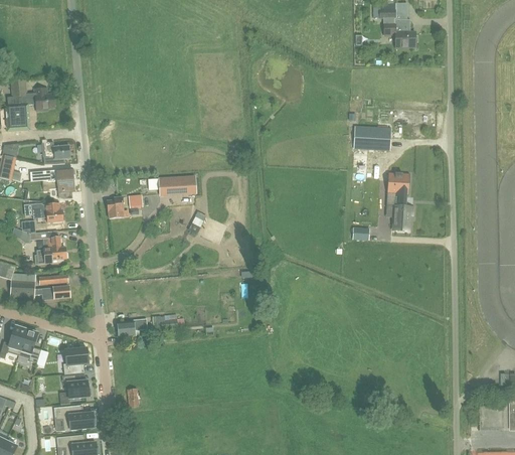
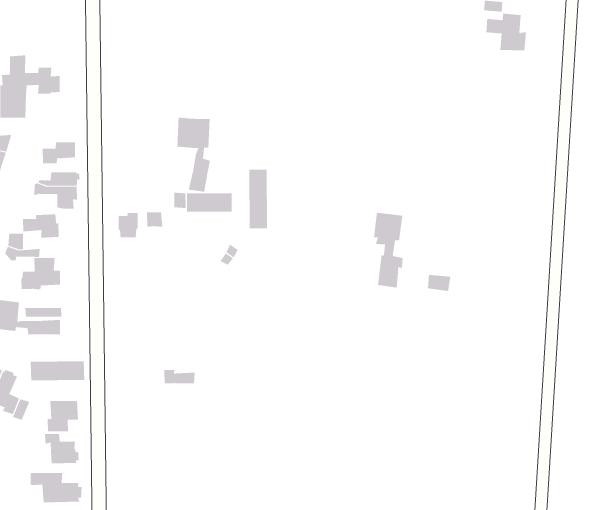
building: none -> [177,117,210,193]
building: [352,126,390,150] -> none
building: none -> [249,169,267,229]
building: [386,172,411,231] -> [373,212,404,288]
building: none -> [30,360,85,381]
building: [117,318,146,336] -> none

